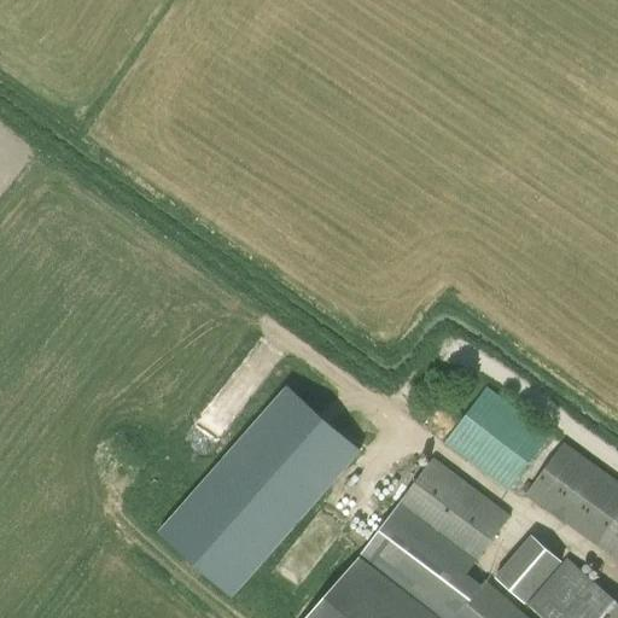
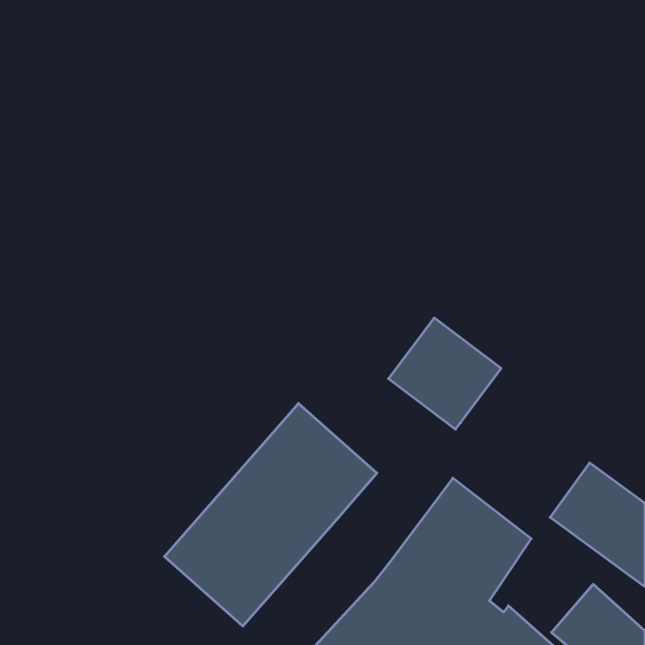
building: [443,386,550,492] -> [388,318,501,429]
building: [494,535,561,605] -> none

